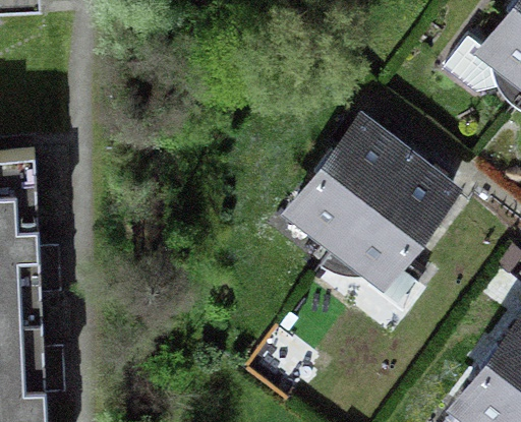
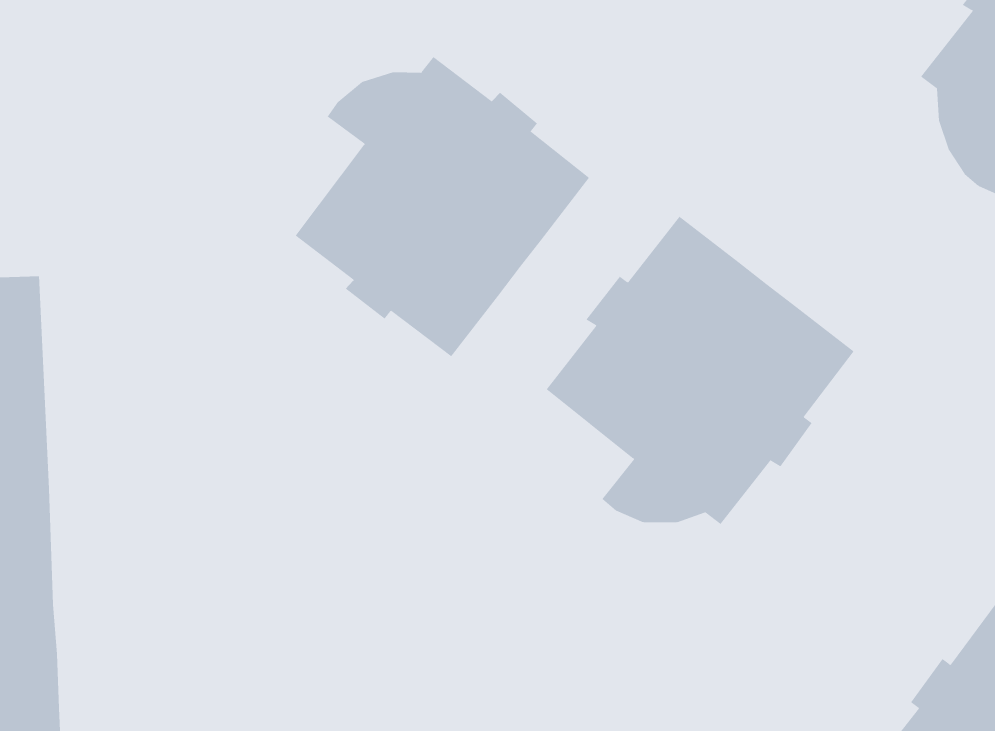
building: none -> [295,56,590,357]

